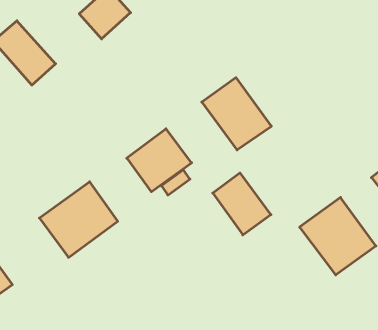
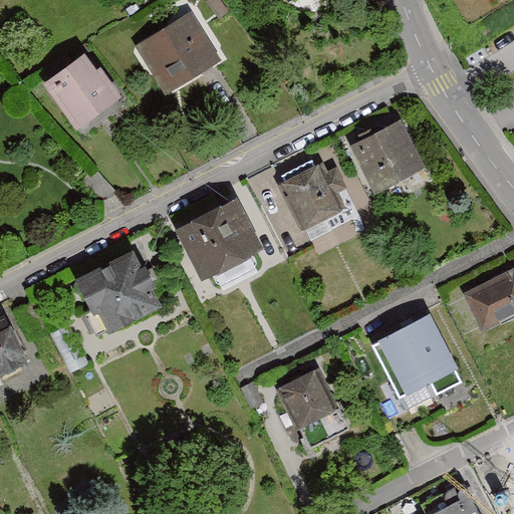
building: none -> [364,125,419,178]
building: [213,173,271,235] -> [283,370,348,445]

